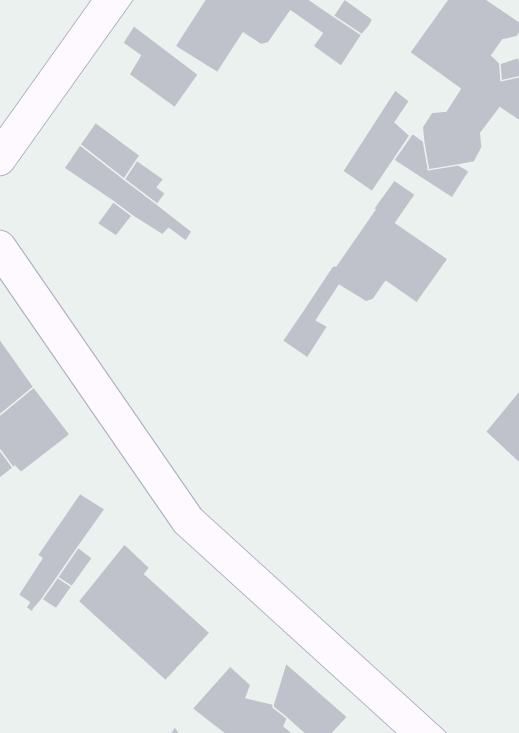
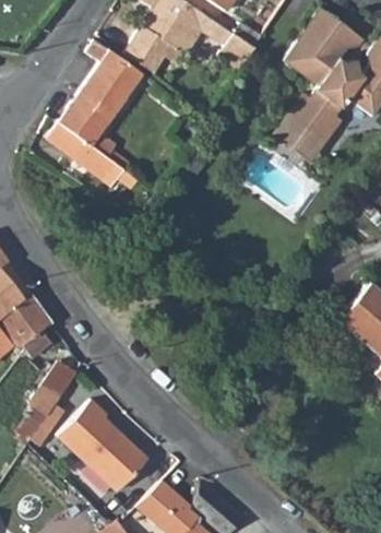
building: none -> [70,74,124,130]
building: [342,89,410,192] -> none
building: [282,180,448,358] -> none

